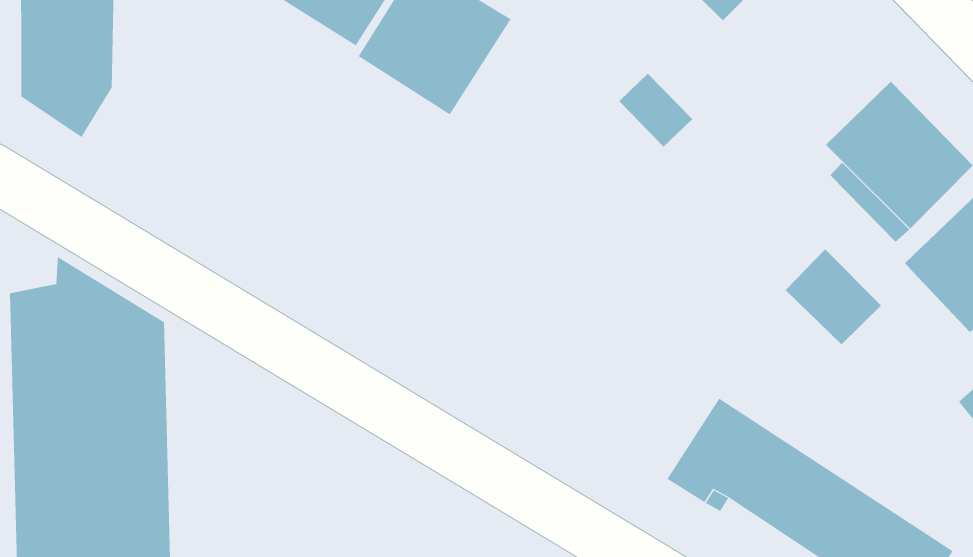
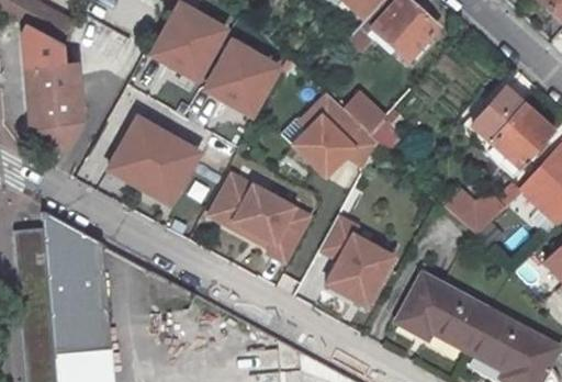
building: none -> [296,91,384,181]
building: none -> [110,114,211,210]
building: none -> [215,173,319,267]
building: none -> [325,215,403,312]

